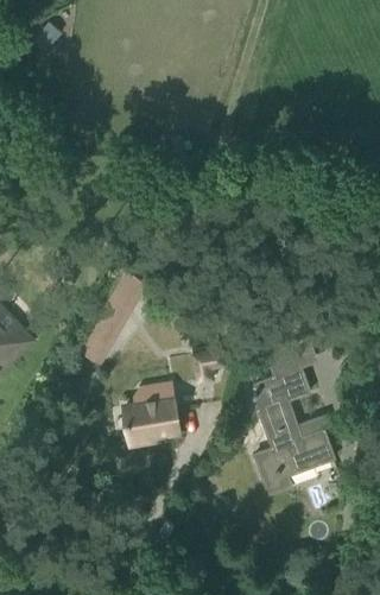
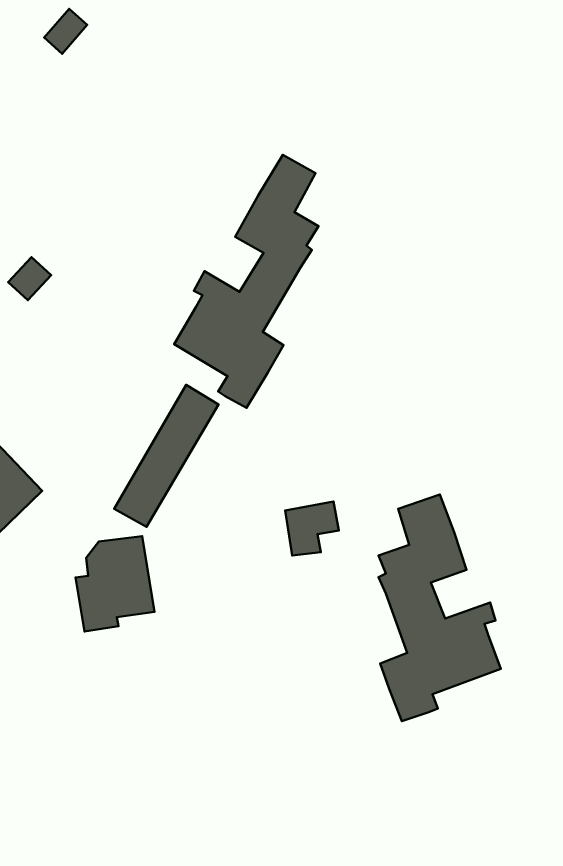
building: none -> [174,155,319,408]
building: [125,381,177,444] -> [75,536,155,632]

